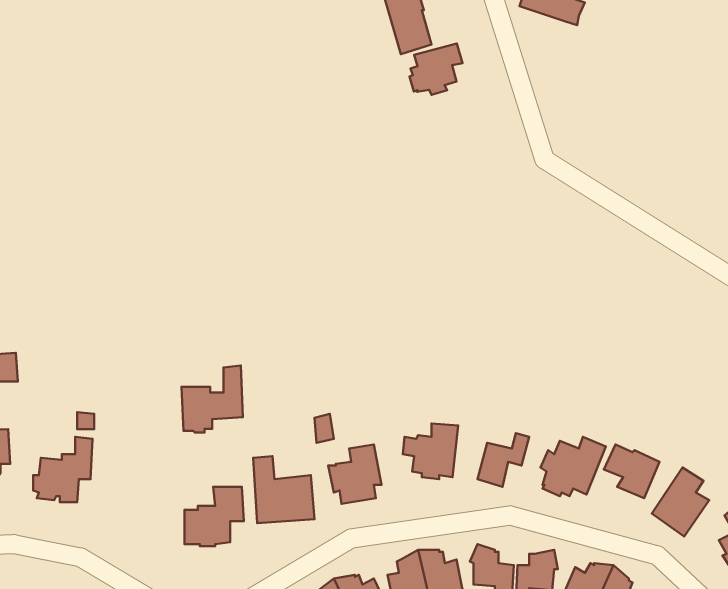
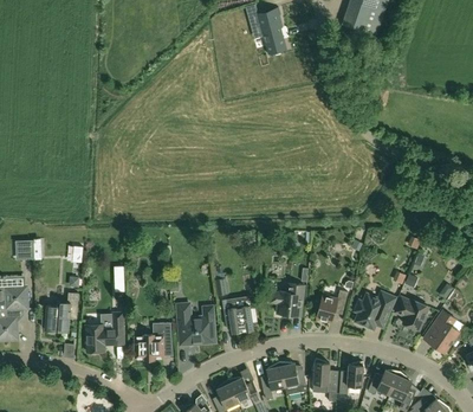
building: [409,43,463,95] -> none
building: [182,366,243,433] -> [85,313,123,354]

